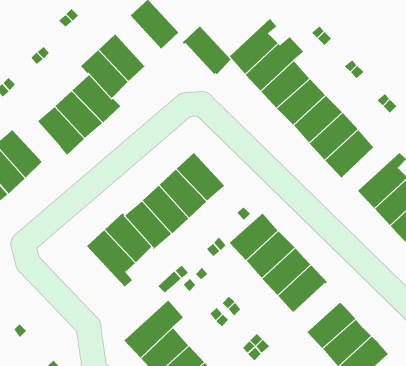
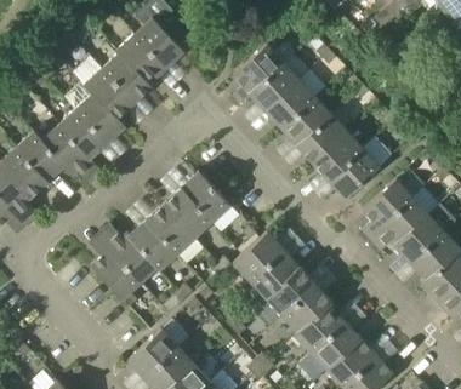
building: [182,26,231,75] -> [116,34,166,84]
building: none -> [17,131,64,181]
building: none -> [295,303,346,351]

